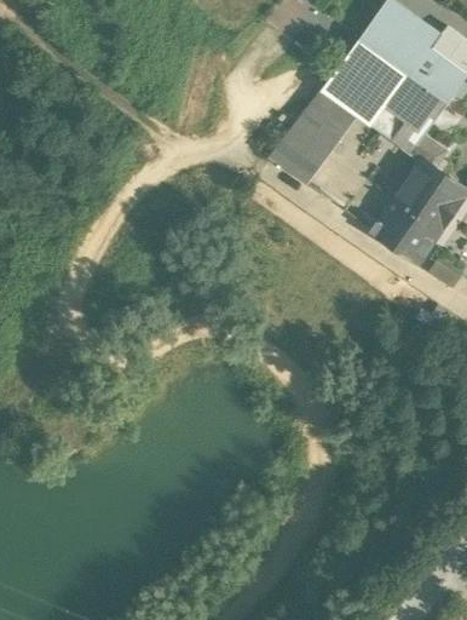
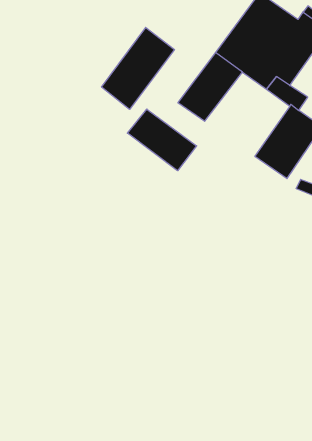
building: none -> [102,27,174,109]
building: none -> [127,109,197,171]

